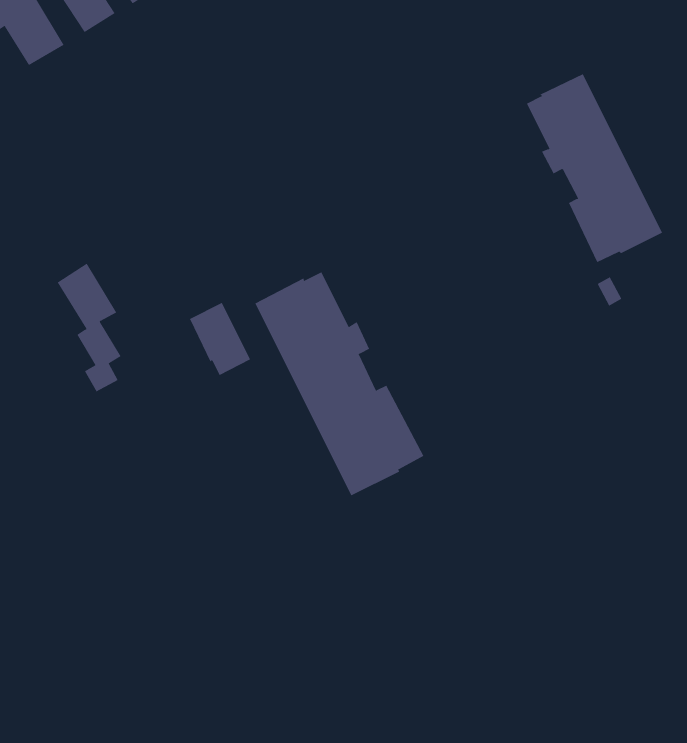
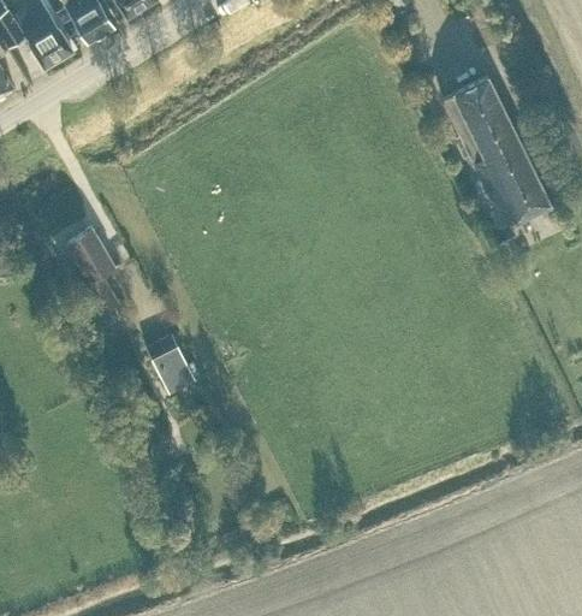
building: [255,271,424,496] -> none
building: [189,302,251,376] -> [146,333,195,392]

